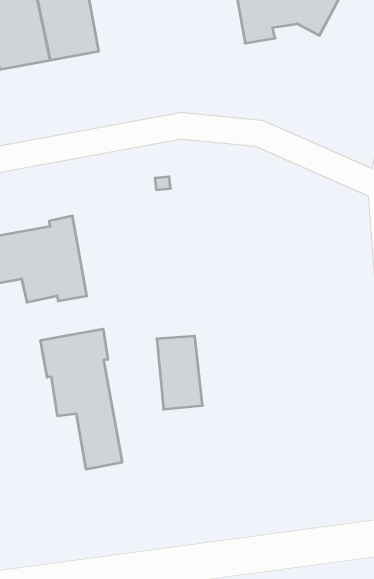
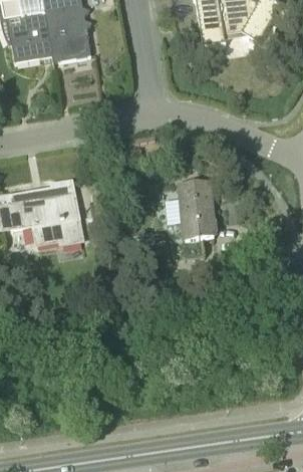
building: [41,329,122,469] -> none
building: [157,336,203,409] -> [180,180,215,236]

